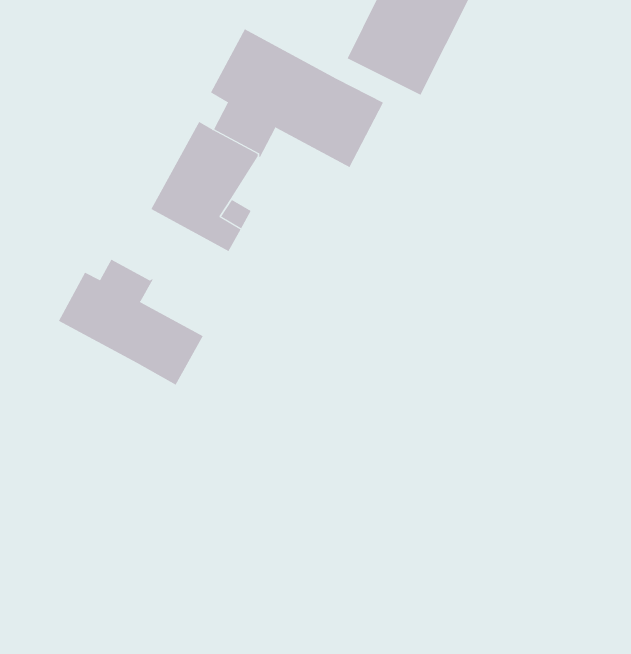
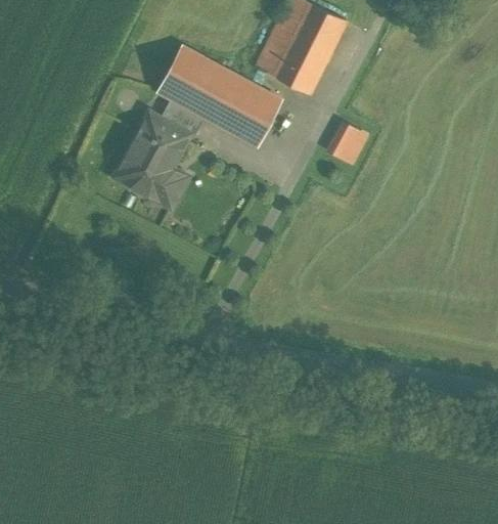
building: none -> [328,123,367,163]
building: [58,259,204,385] -> none

